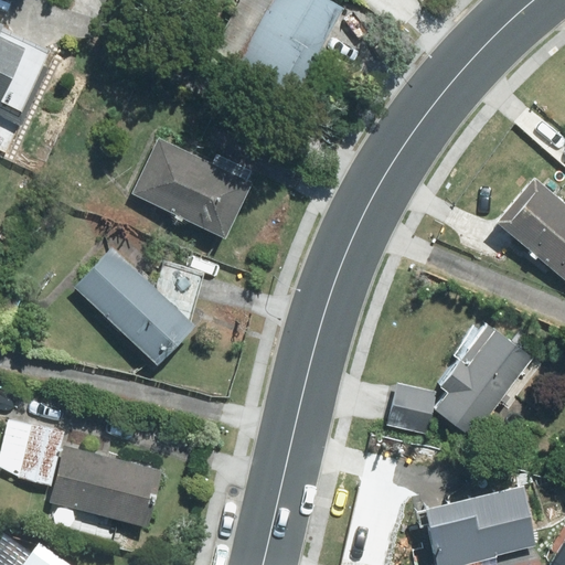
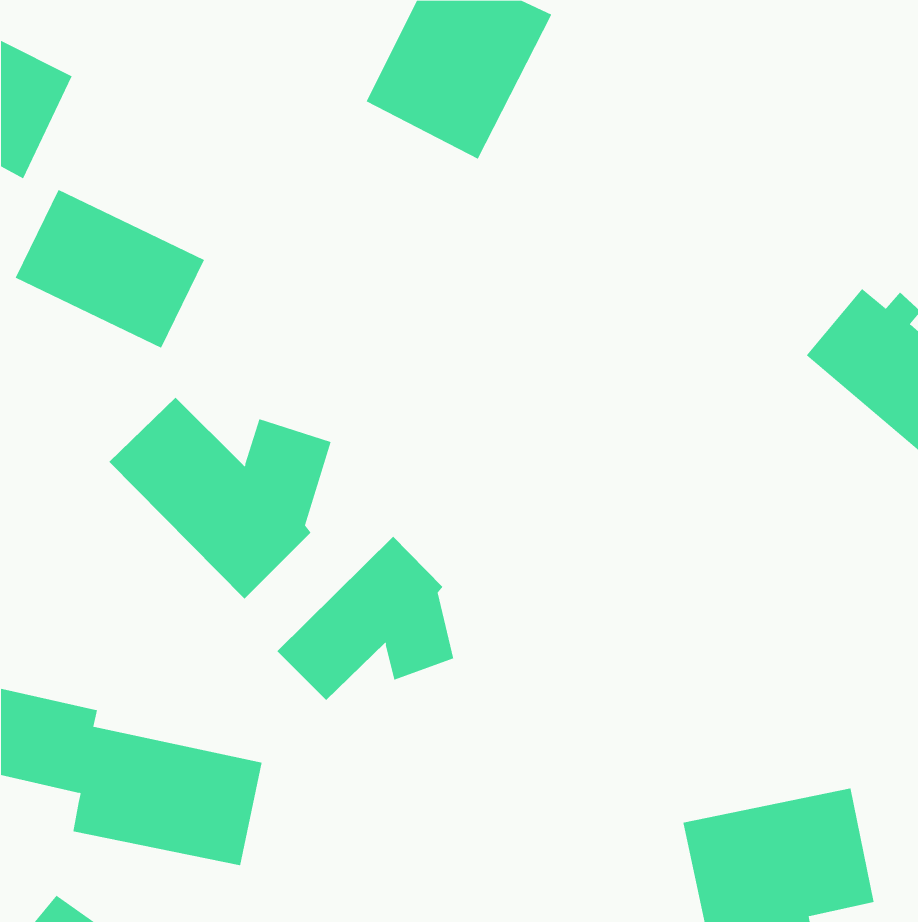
building: [132,141,248,238] -> [15,189,205,348]
building: [414,317,535,447] -> none
building: none -> [276,536,454,701]

